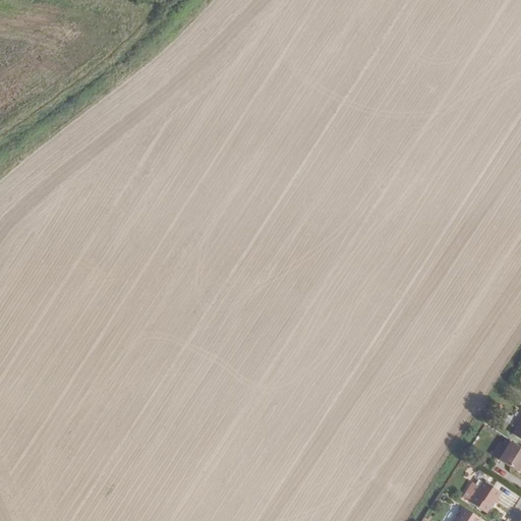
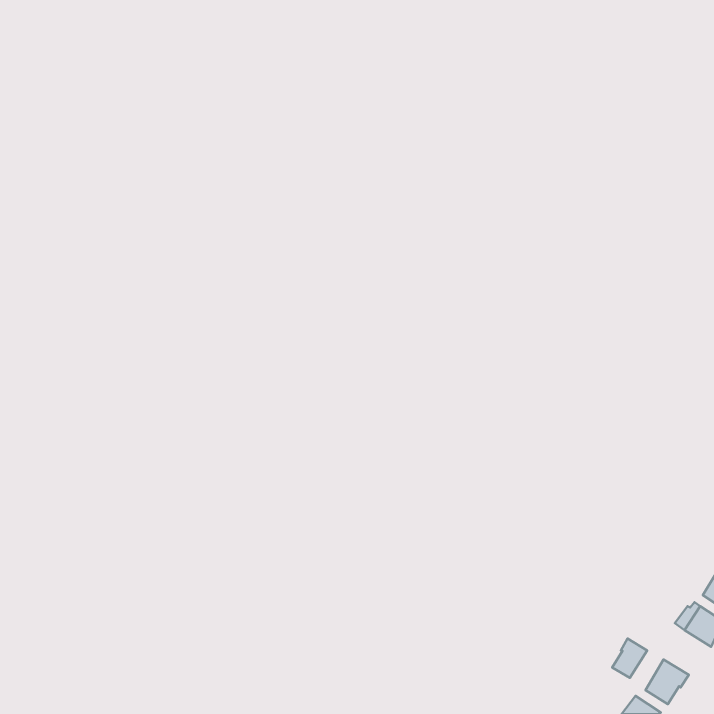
building: none -> [612,639,647,678]

